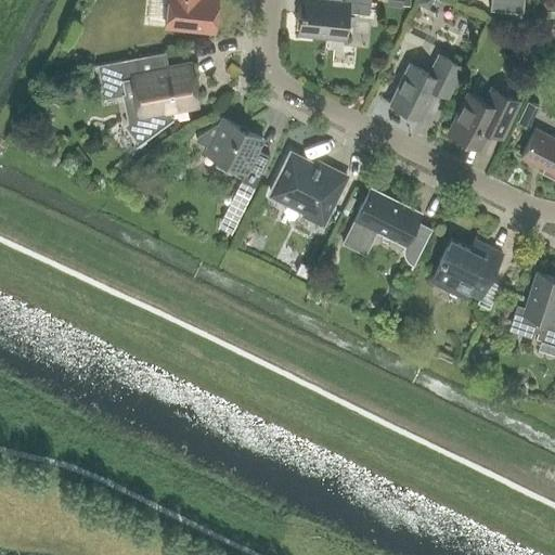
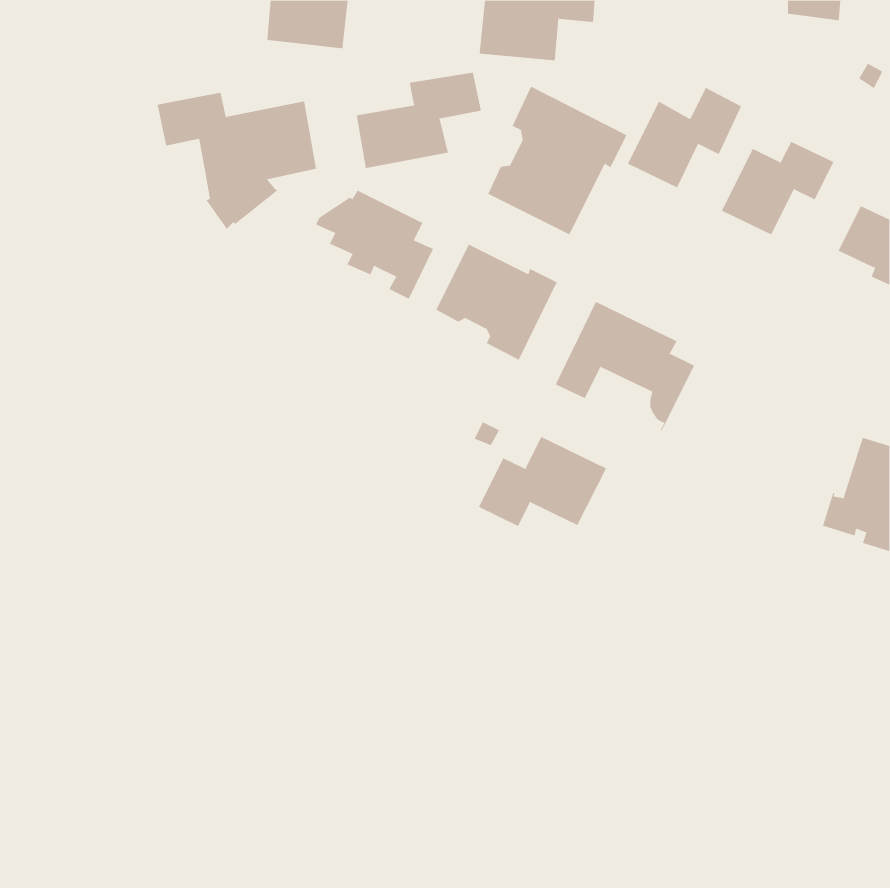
building: none -> [356,72,482,169]
building: none -> [488,86,627,235]
building: [431,241,502,298] -> none
building: none -> [478,436,607,527]

